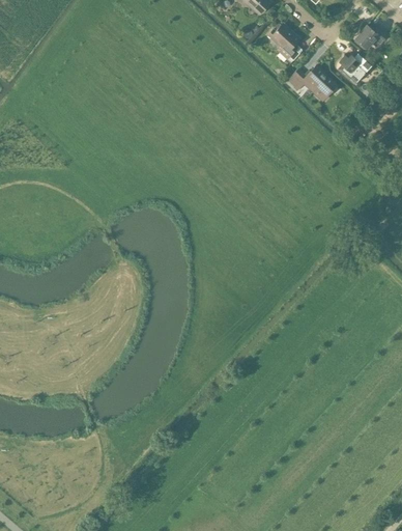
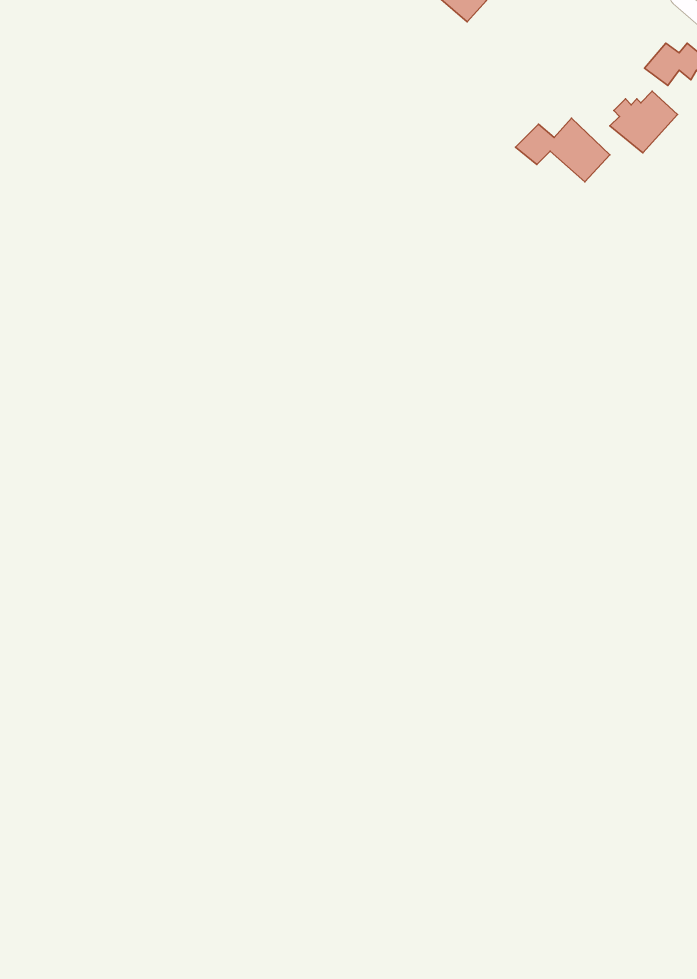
building: [268,24,302,61] -> none

